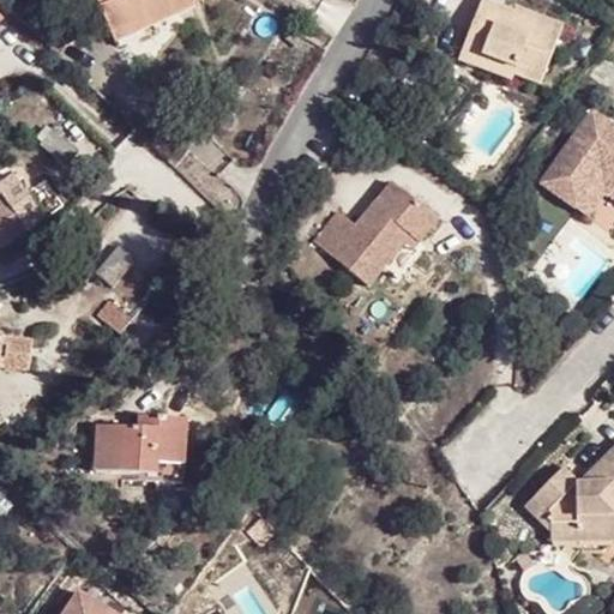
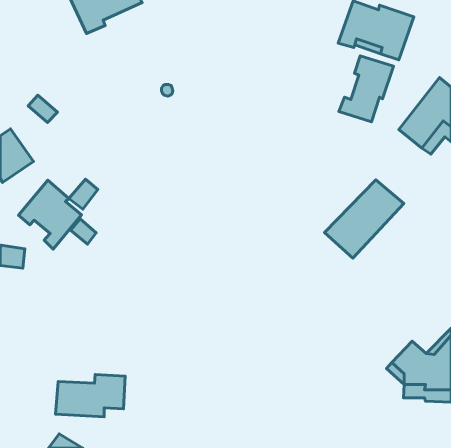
building: none -> [339,56,393,122]
building: [325,180,433,287] -> [325,180,404,258]
building: none -> [18,180,82,249]
building: [92,416,187,474] -> [56,374,125,417]

